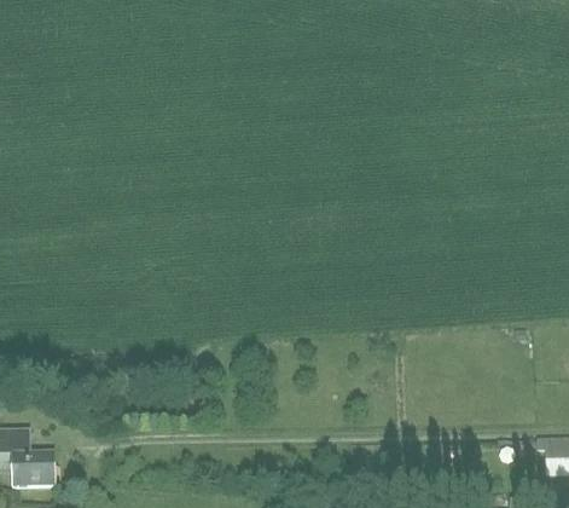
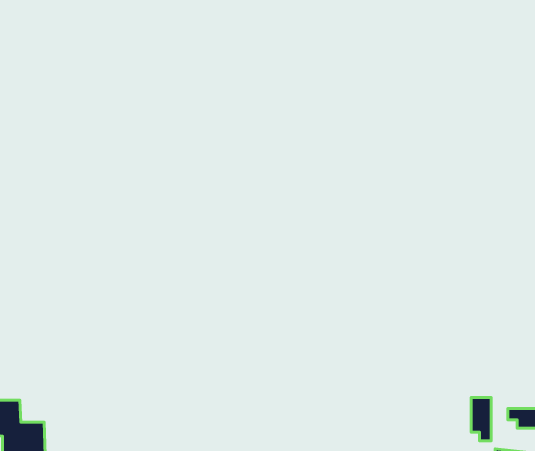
building: none -> [471,397,491,441]

